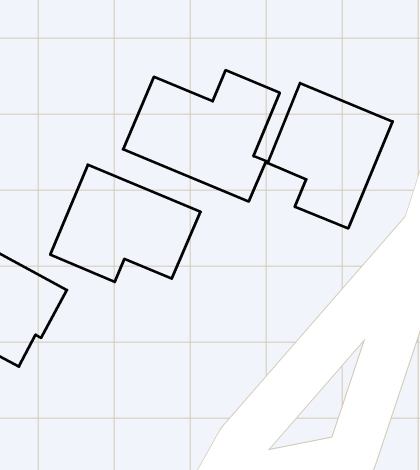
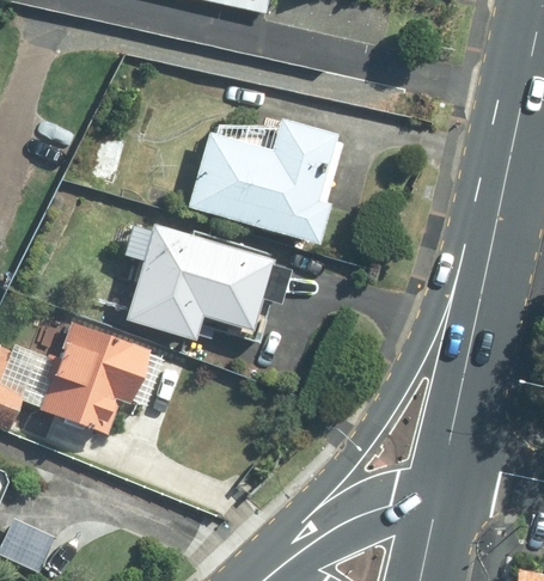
building: [268,83,393,228] -> none

